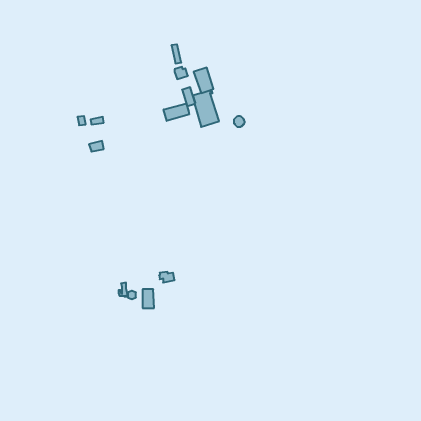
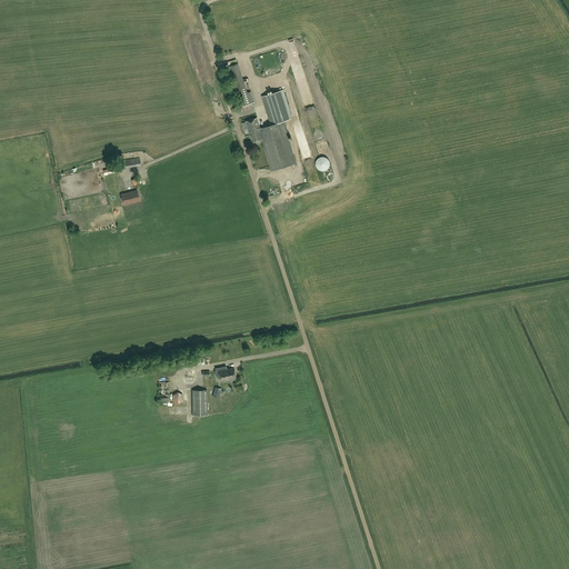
building: [164,104,189,121] -> none

